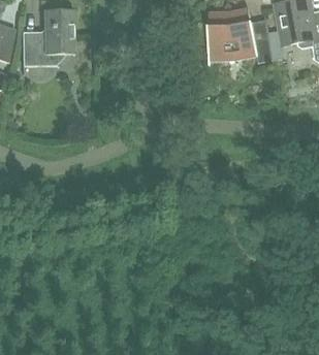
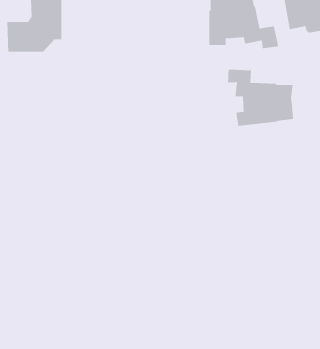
building: none -> [227,69,294,128]

